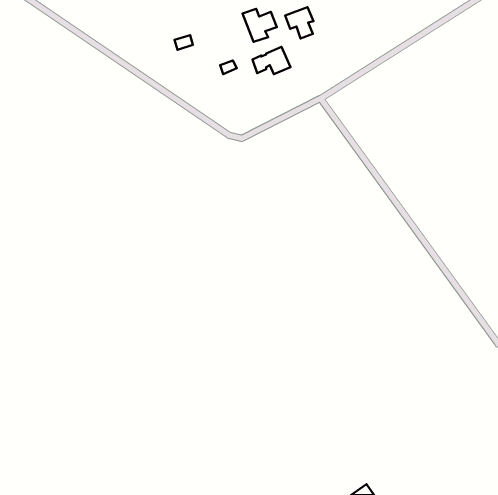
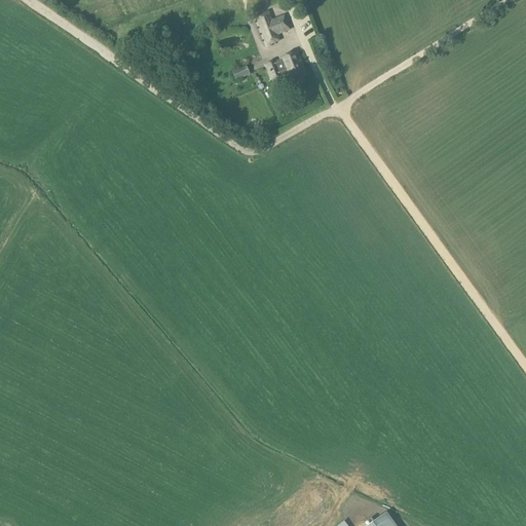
building: [285,7,313,38] -> none

